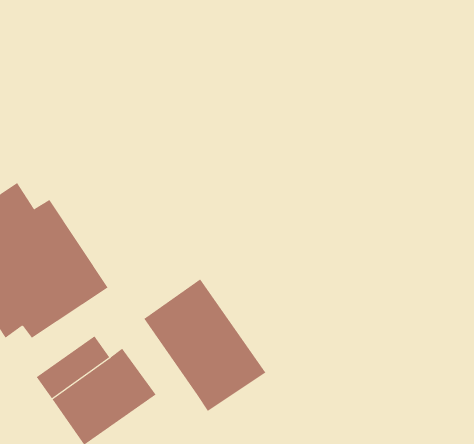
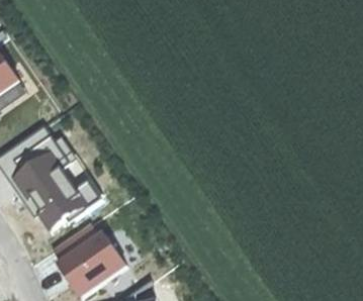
building: [144,279,266,412] -> none

